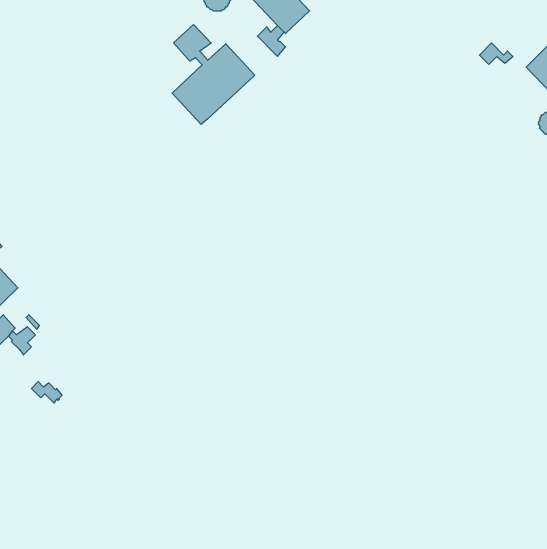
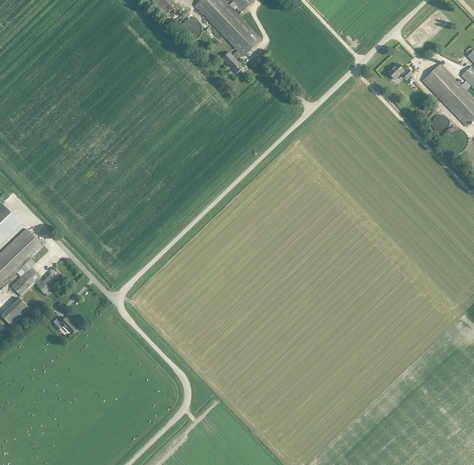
building: [172,25,255,124] -> none

